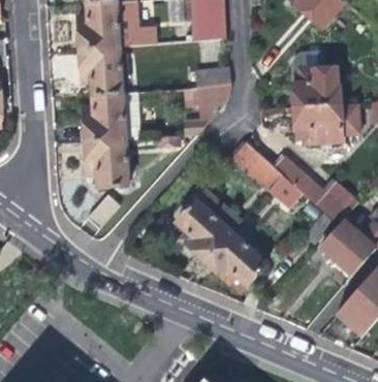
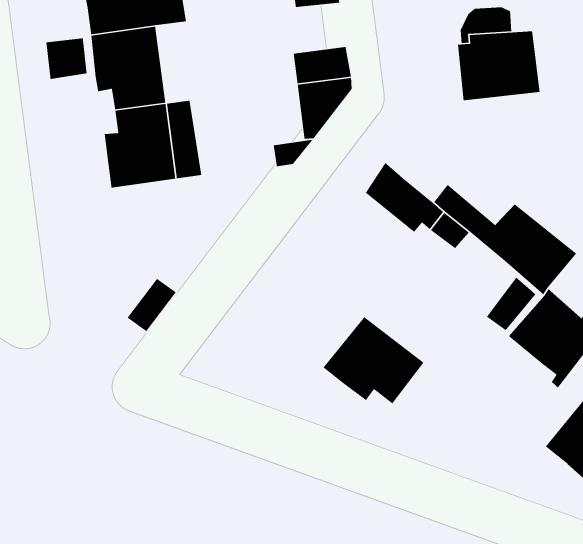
building: [298,102,364,144] -> none
building: [86,140,129,189] -> none
building: [174,185,241,258] -> none

